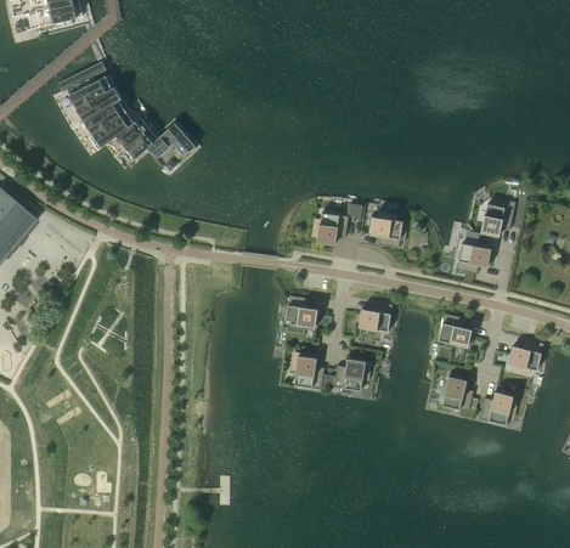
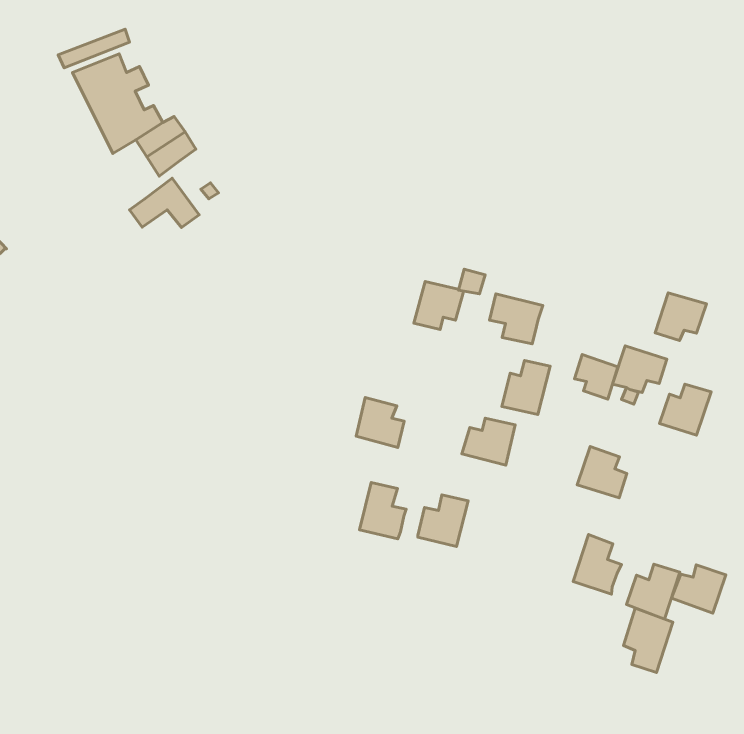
building: [147,123,194,158] -> [130,178,199,227]
building: none -> [575,355,618,399]
building: none -> [502,360,550,415]
building: none -> [659,384,711,435]
building: [507,339,542,371] -> [671,565,726,613]
building: none -> [623,608,673,673]

